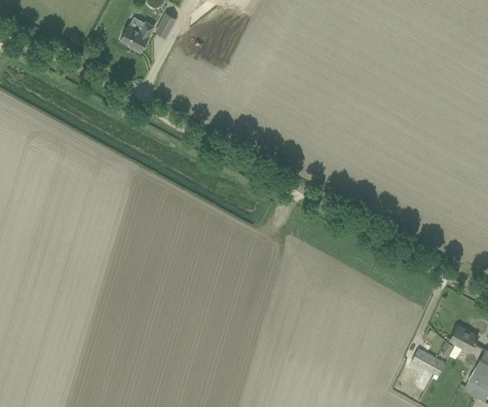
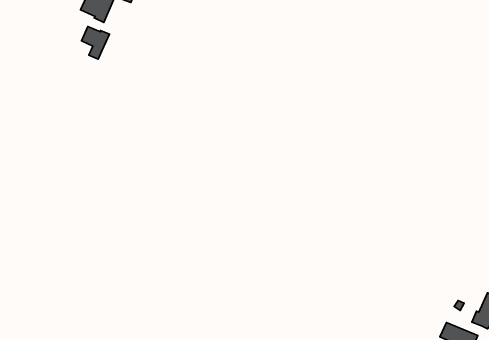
building: none -> [82,27,109,59]

